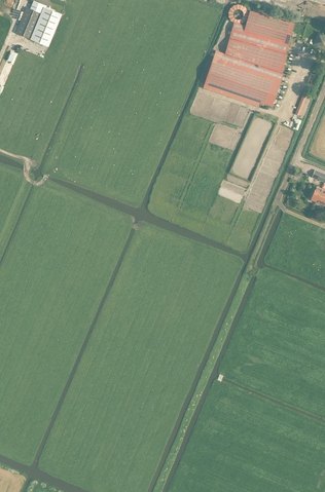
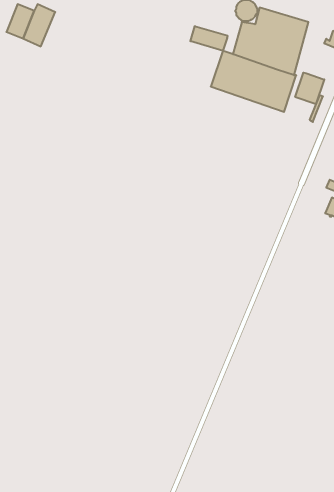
building: none -> [190,26,227,51]
building: none -> [295,73,324,104]

